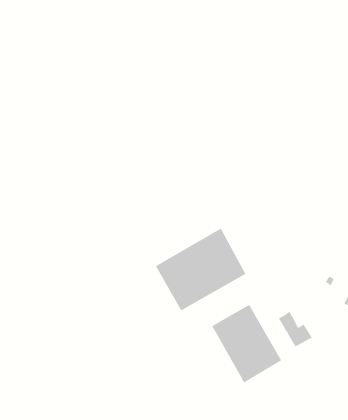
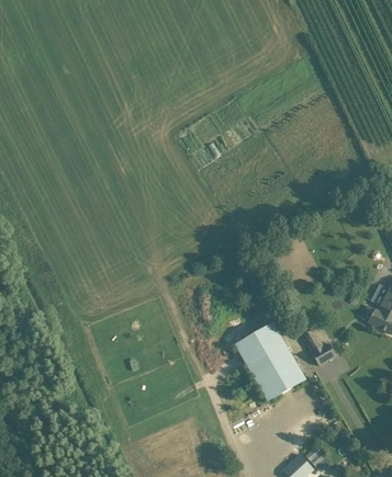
building: [155,228,247,311] -> none

